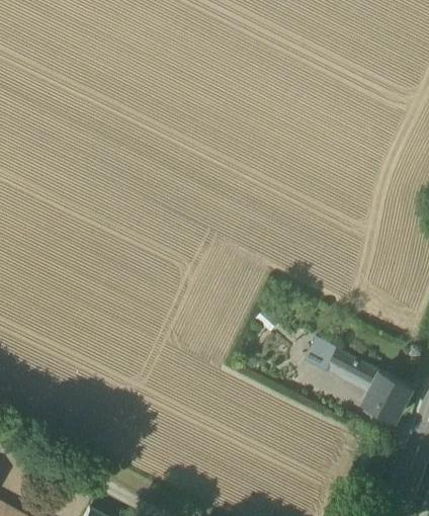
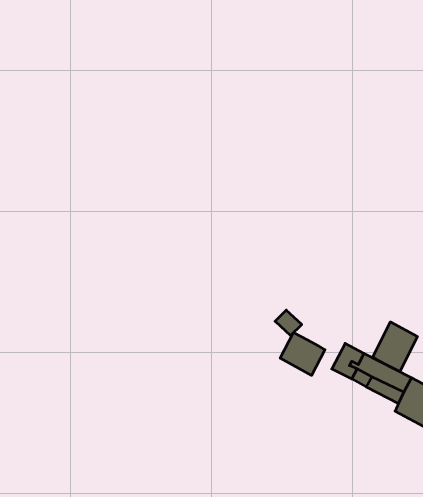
building: none -> [373,322,417,372]
building: none -> [280,333,325,375]

